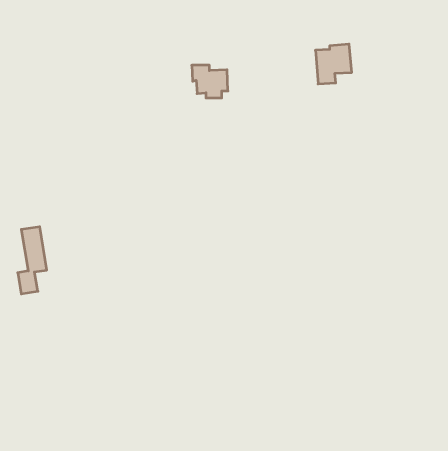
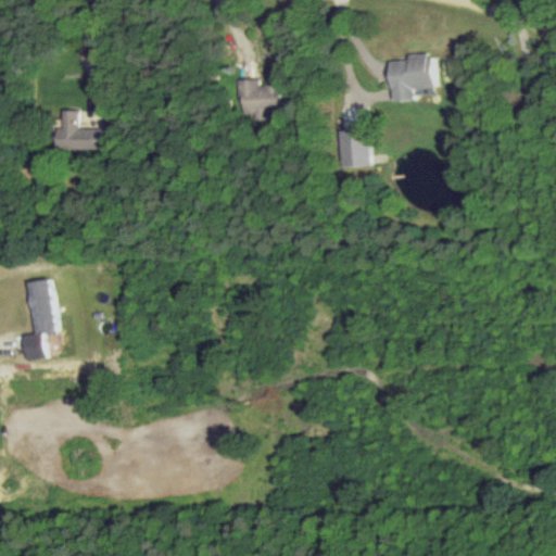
building: none -> [55,111,101,151]
building: none -> [337,128,369,168]

